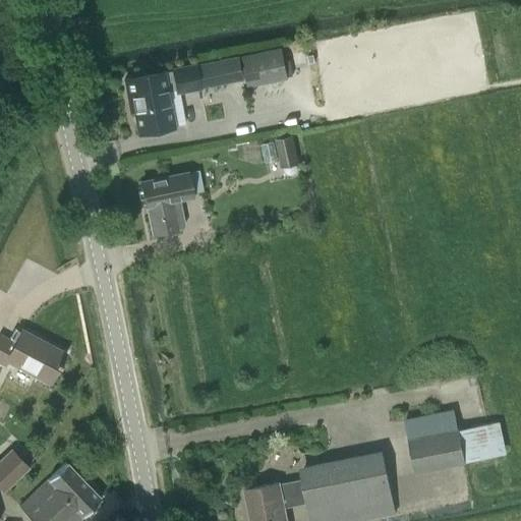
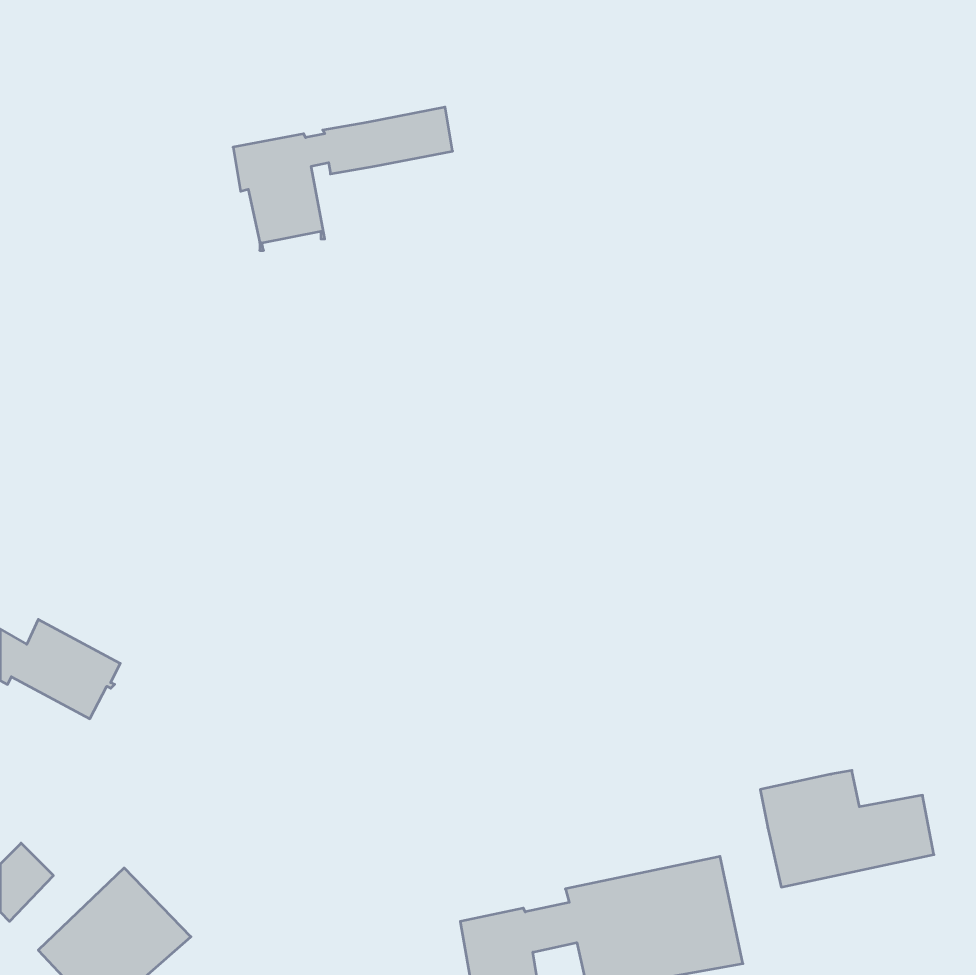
building: [243,50,285,82] -> none
building: [276,136,297,176] -> none
building: [140,173,191,236] -> none

